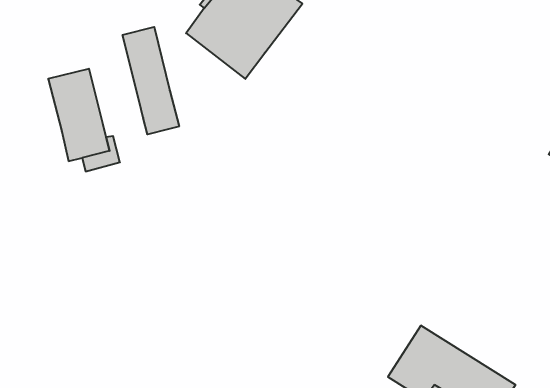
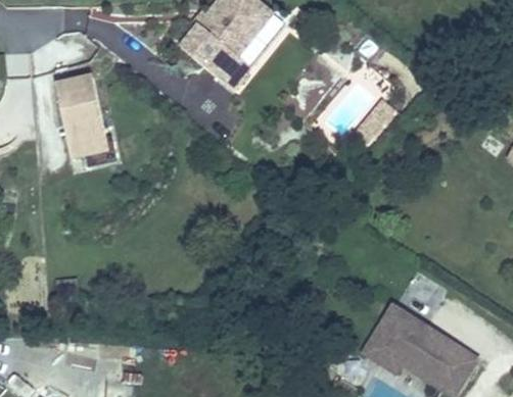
building: [123,27,179,134] -> none

